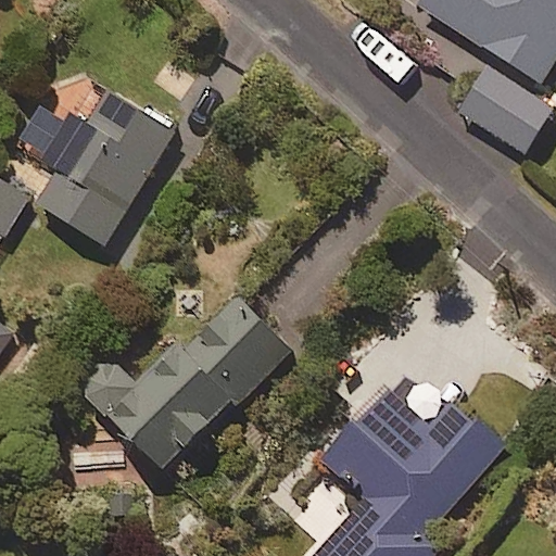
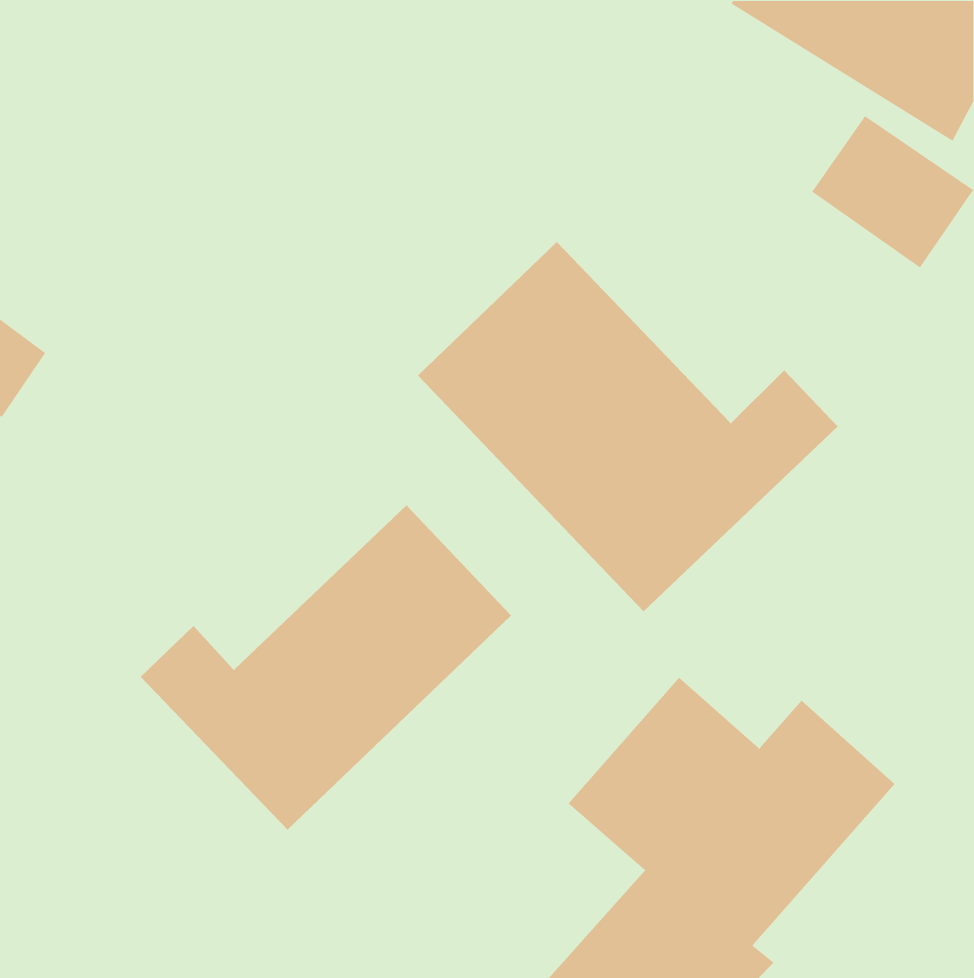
building: [25,93,173,245] -> none
building: none -> [417,241,838,612]

